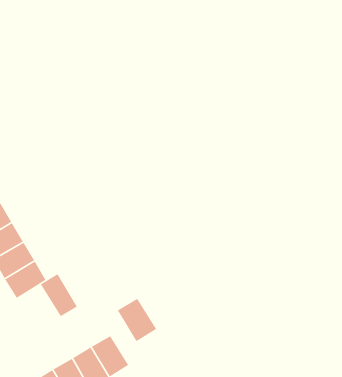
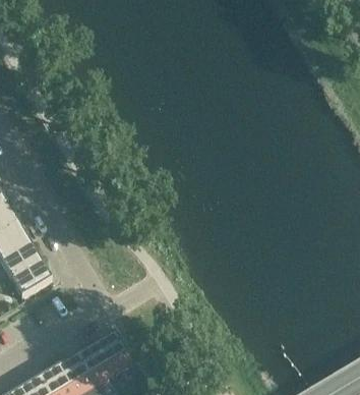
building: [40,273,78,317] -> none
building: [117,298,157,342] -> none

